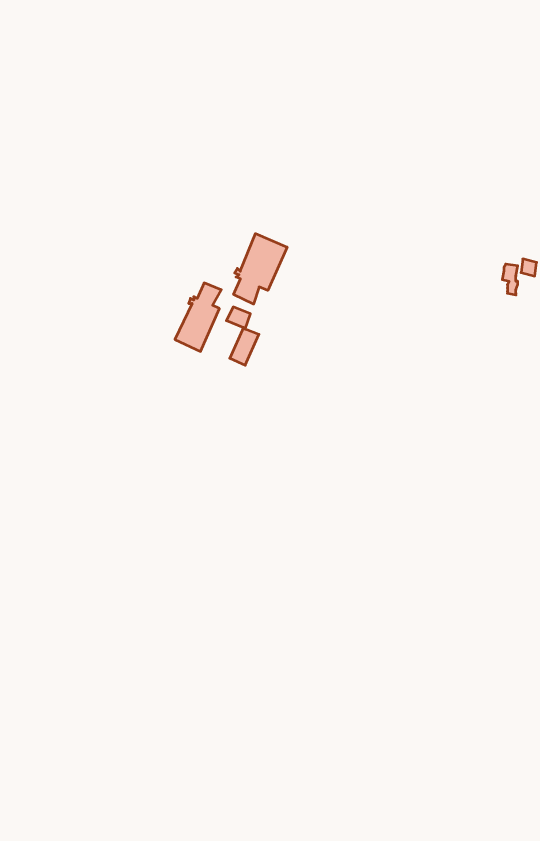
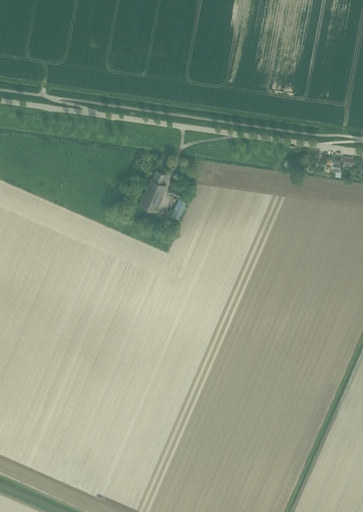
building: [234,234,287,304] -> none

